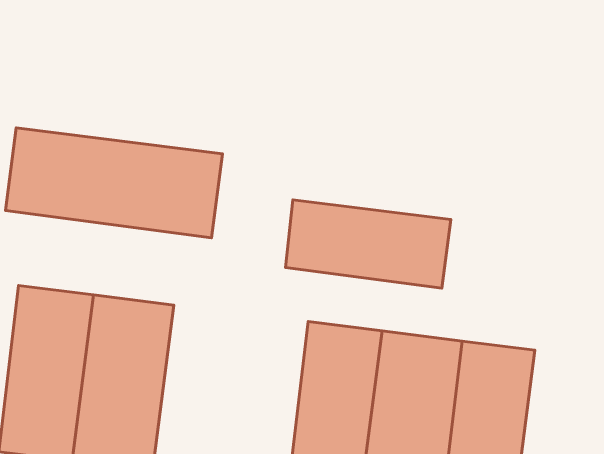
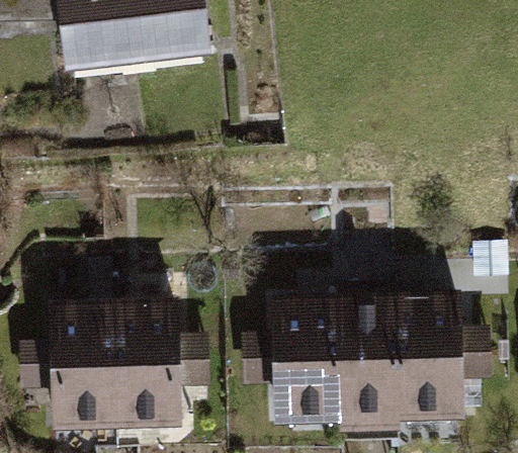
building: [5,128,222,238] -> none
building: [285,200,451,288] -> none

